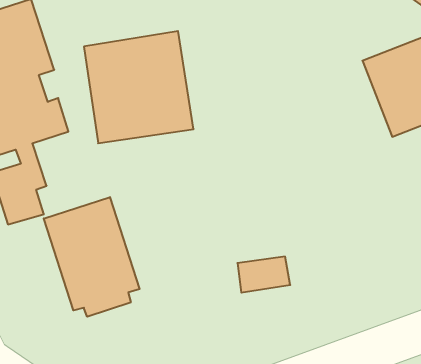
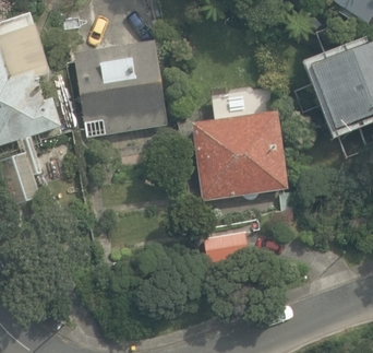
building: none -> [190,108,285,196]
building: [44,197,140,317] -> none

